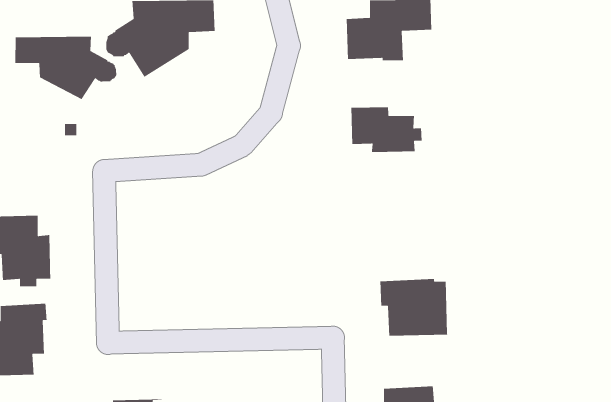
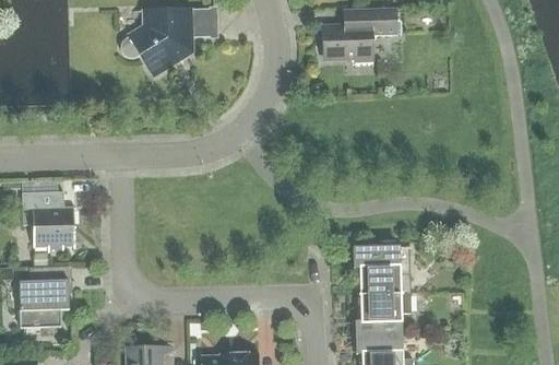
building: [14,36,117,100] -> none
building: [351,107,422,155] -> none
building: none -> [355,293,412,338]

